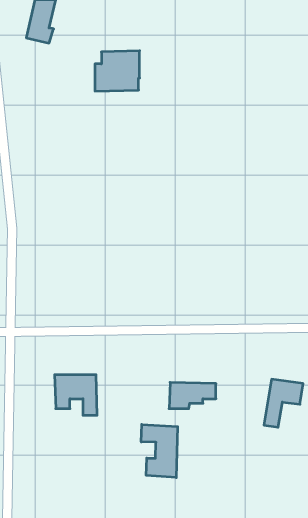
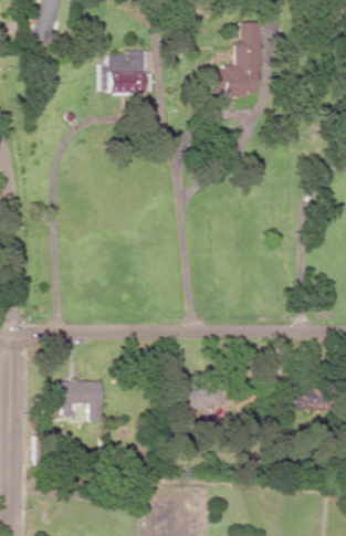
building: none -> [213,22,263,95]
building: [141,424,178,478] -> none

